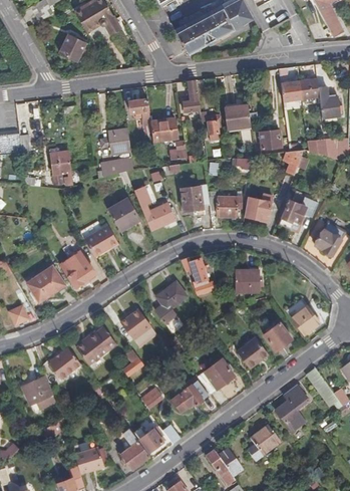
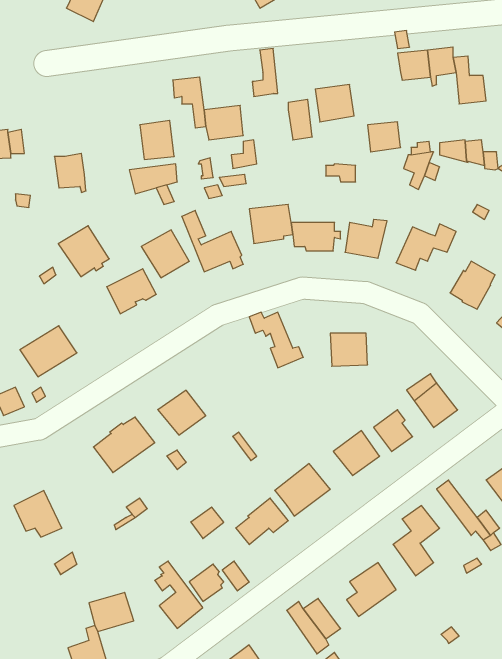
building: [61,252,95,286] -> [58,226,109,277]
building: [151,279,185,321] -> none
building: [42,347,80,387] -> none

